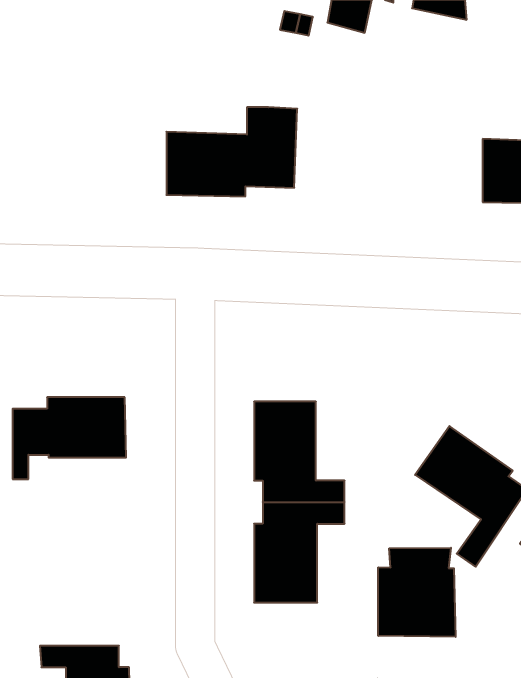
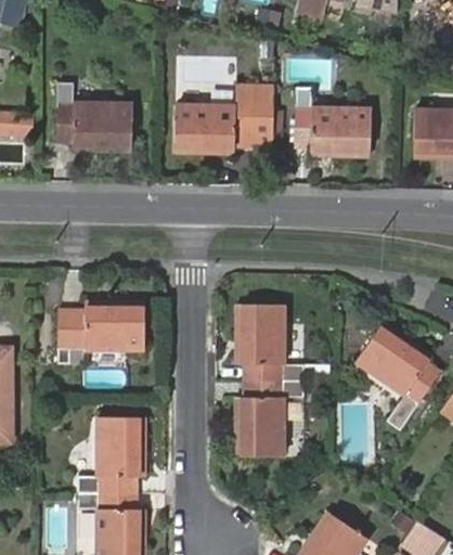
building: none -> [53,80,130,149]
building: none -> [292,86,366,154]
building: none -> [77,414,144,490]
building: [378,548,456,637] -> none

